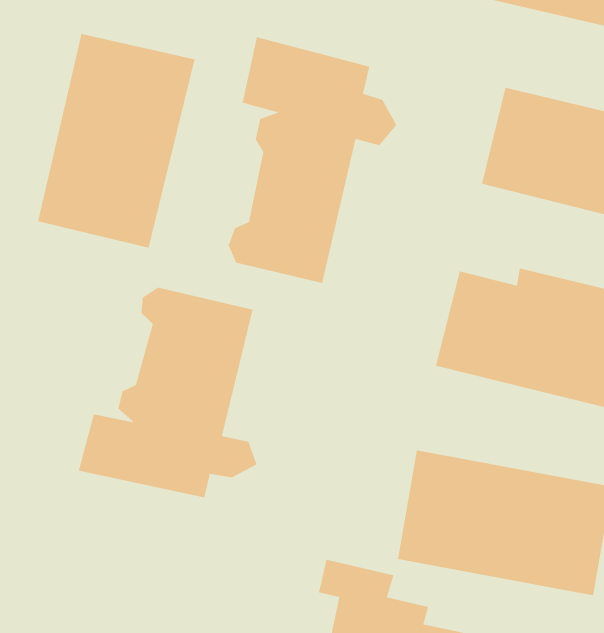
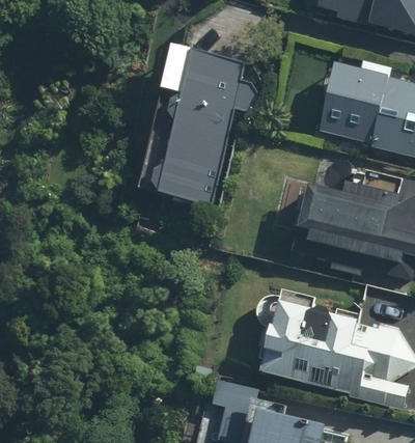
building: [37,33,195,248] -> none
building: [78,287,257,498] -> none

